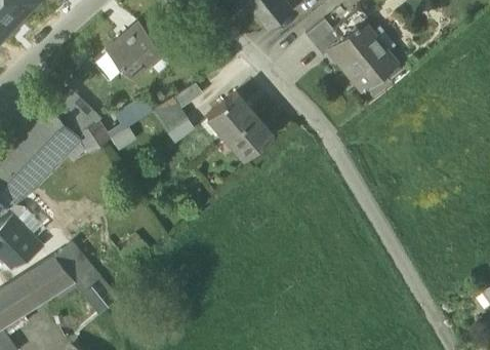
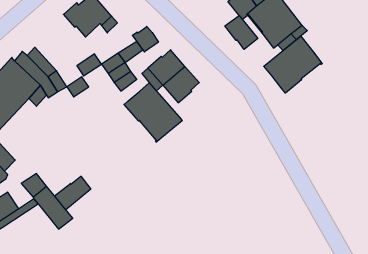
building: none -> [225,15,258,49]
building: none -> [132,26,158,52]
building: none -> [264,36,322,93]
building: none -> [124,83,182,142]
building: none -> [55,176,91,210]
building: [39,256,71,286] -> none

